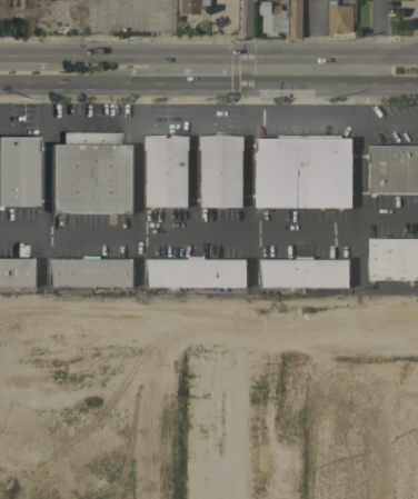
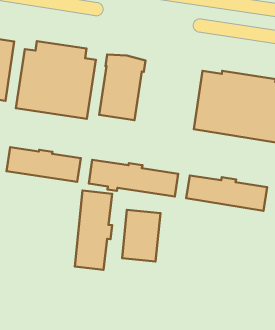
building: [200,137,245,208] -> none
building: none -> [75,191,112,270]
building: none -> [122,210,160,261]

